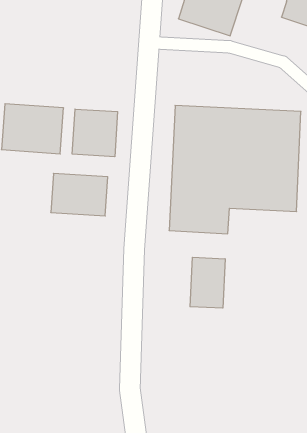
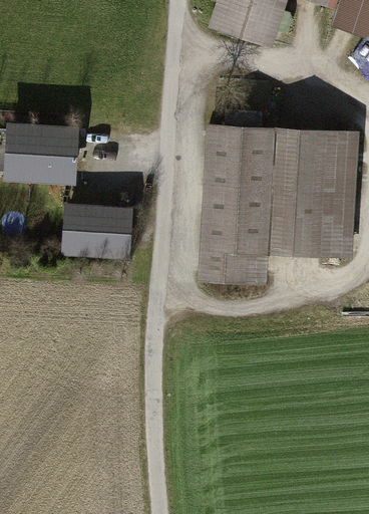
building: [72,109,118,157] -> none
building: [190,257,225,308] -> none

